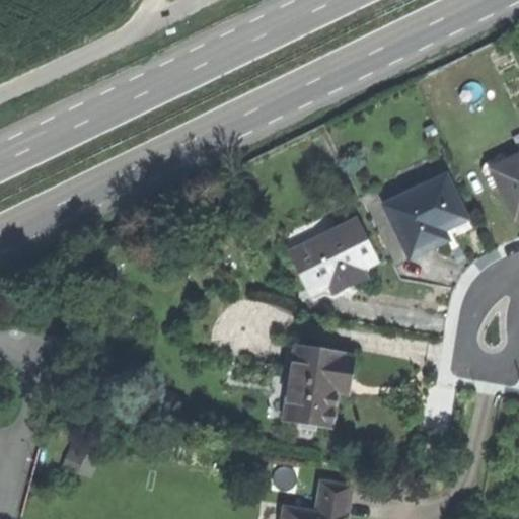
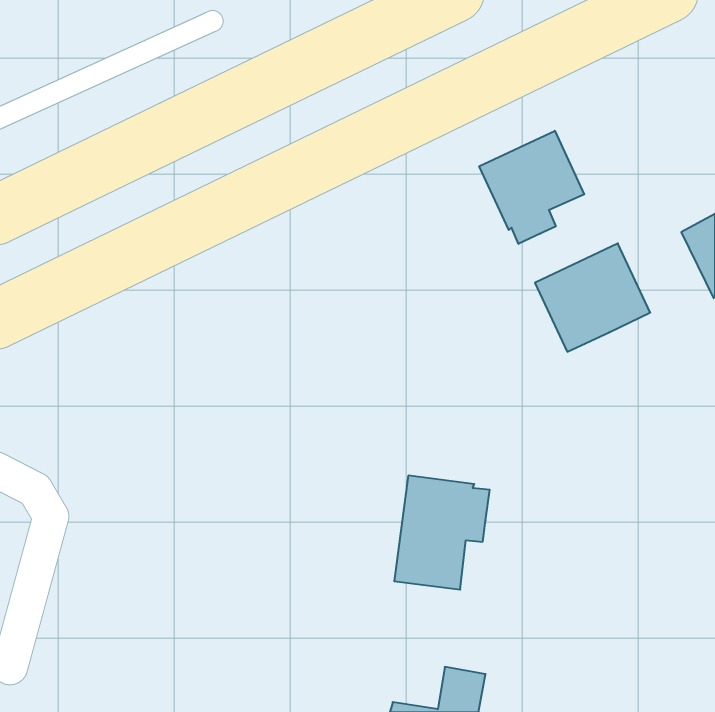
building: none -> [479,131,584,244]
building: [290,219,375,292] -> none

